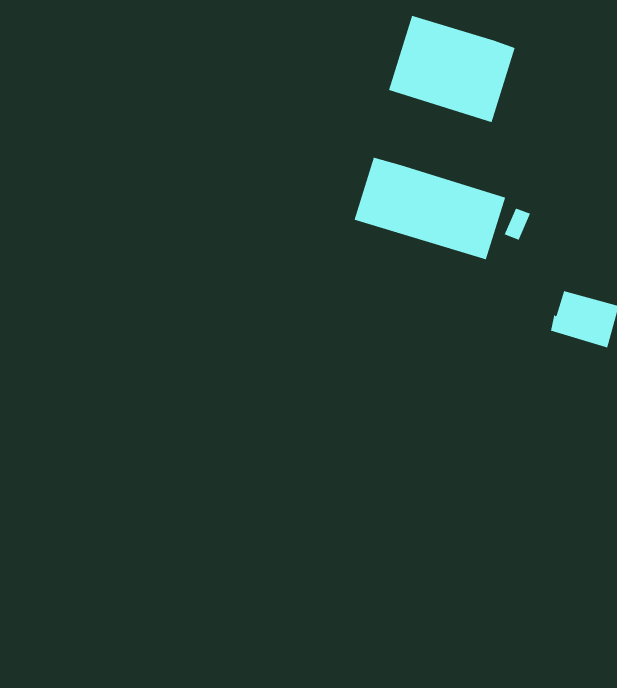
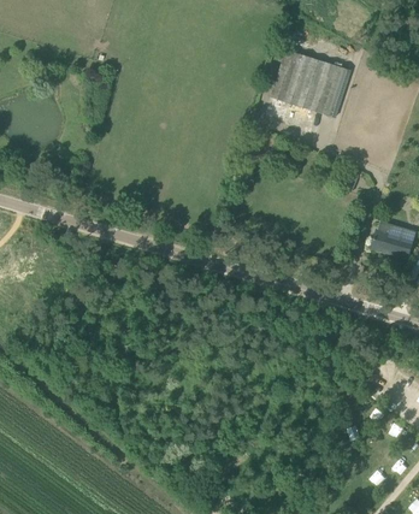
building: [354,157,506,260] -> none

